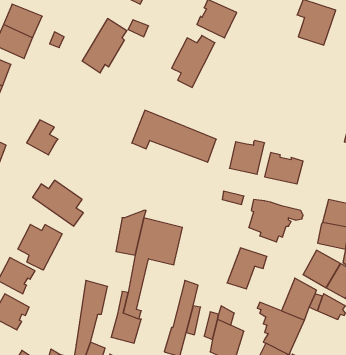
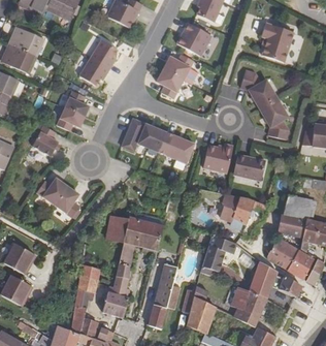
building: none -> [238,71,288,139]
building: none -> [55,91,87,130]
building: [18,224,62,270] -> none

